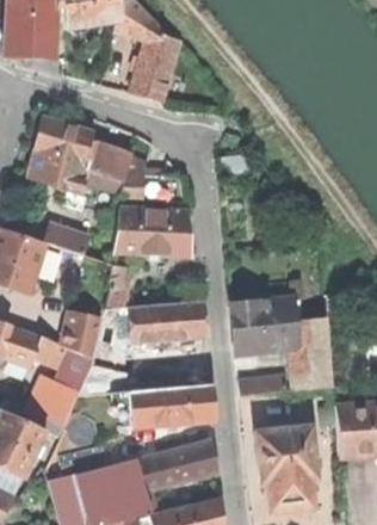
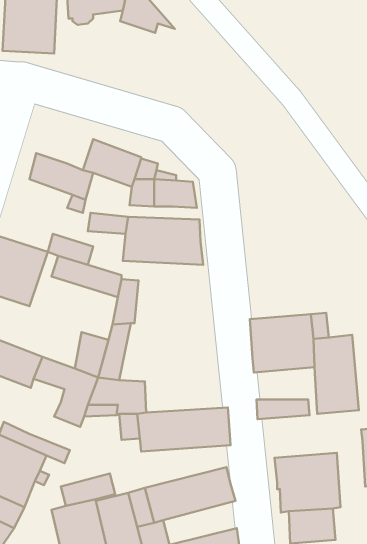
building: [130,31,178,100] -> none
building: [36,117,87,166] -> none
building: [131,302,205,340] -> none
building: [27,373,75,424] -> none

